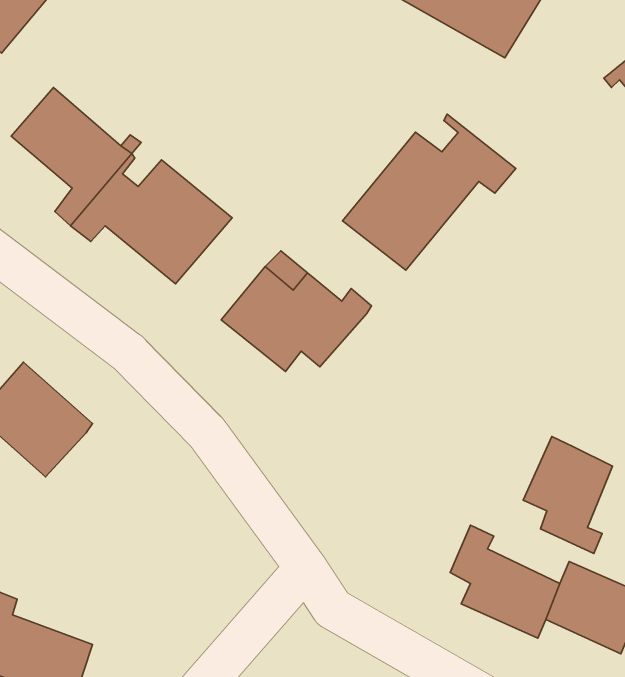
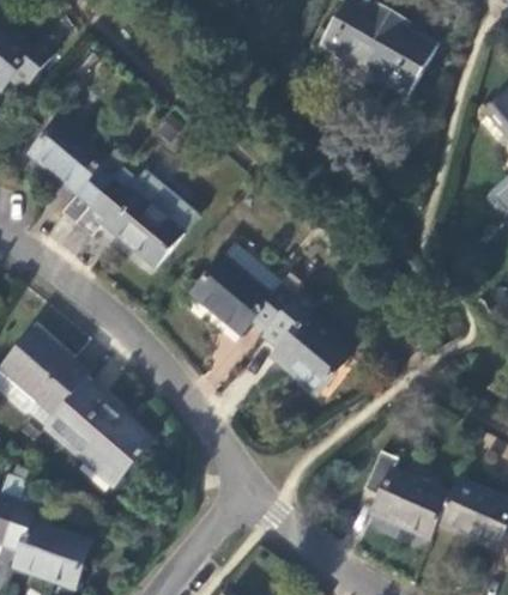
building: [342,114,516,270] -> none
building: none -> [262,291,351,390]
building: none -> [43,382,150,480]
building: [523,437,613,553] -> none

